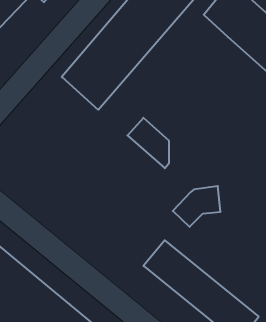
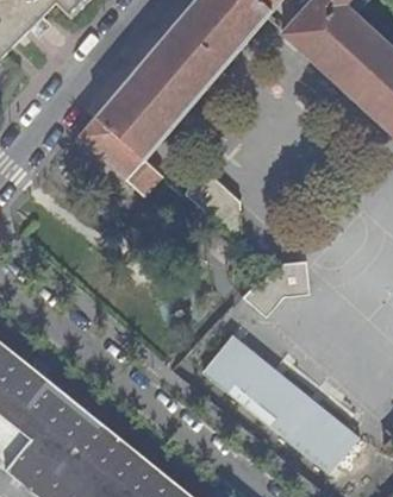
building: none -> [77,118,161,196]

